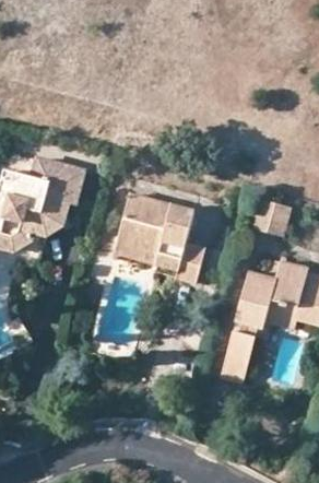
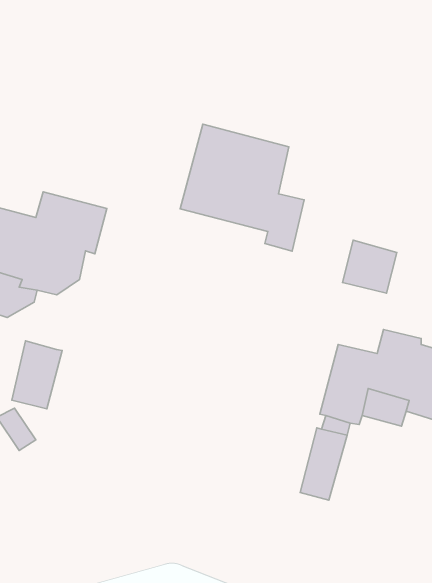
building: [115,192,204,284] -> [180,124,304,251]
building: none -> [12,341,62,409]

